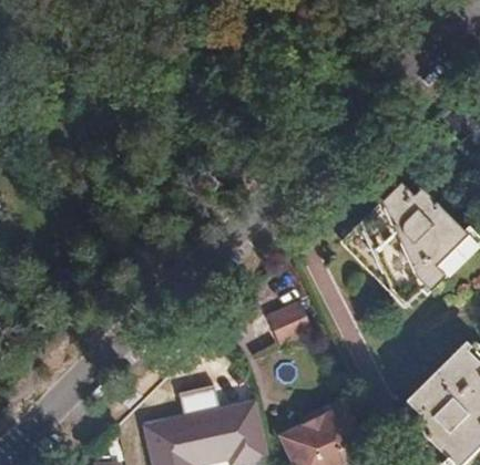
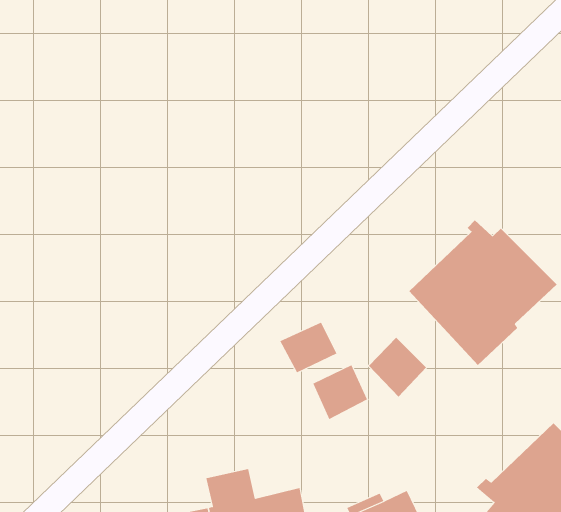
building: none -> [280,322,337,373]
building: none -> [368,337,427,398]

